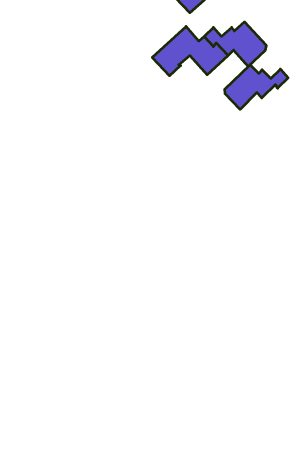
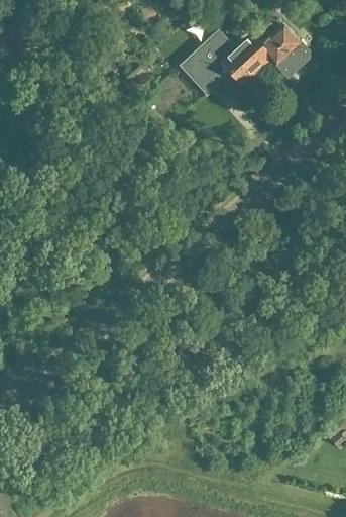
building: [225,65,288,109] -> none

